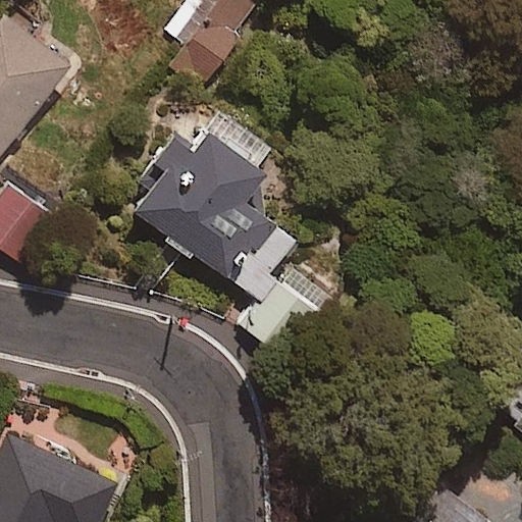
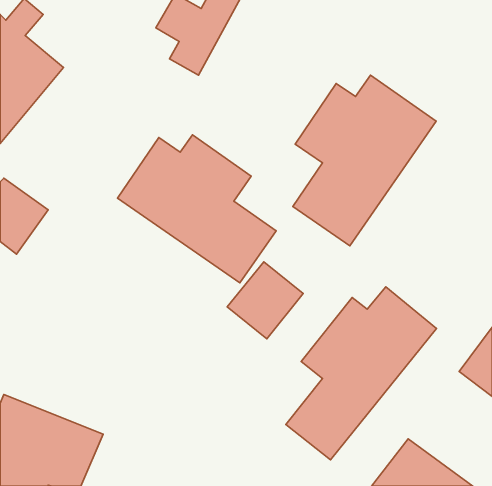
building: none -> [293,75,436,246]
building: none -> [286,287,437,460]

